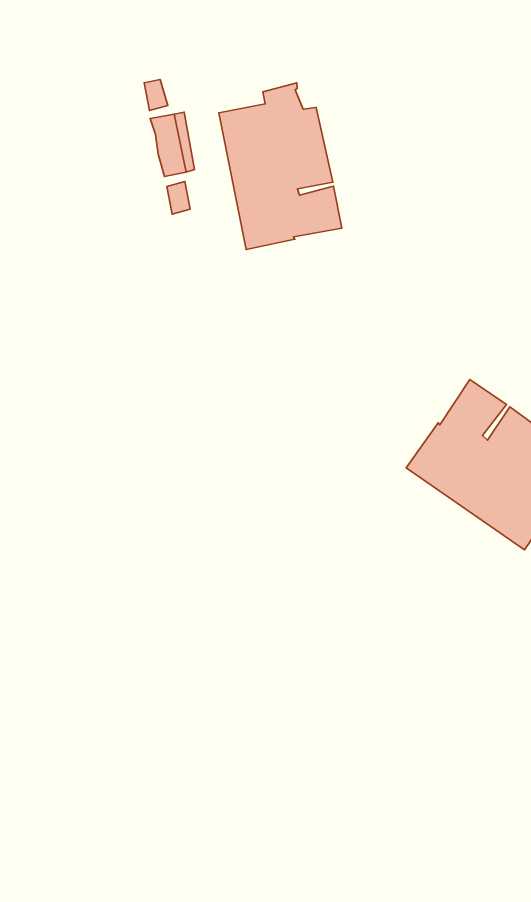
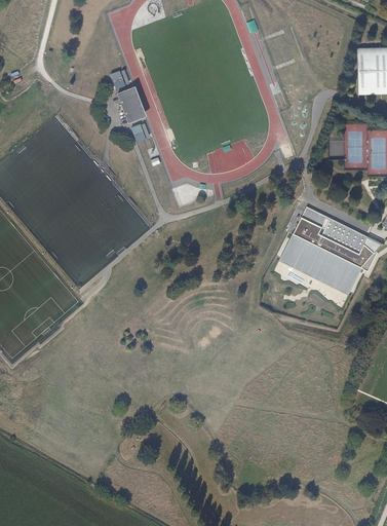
building: [219,83,342,249] -> none

